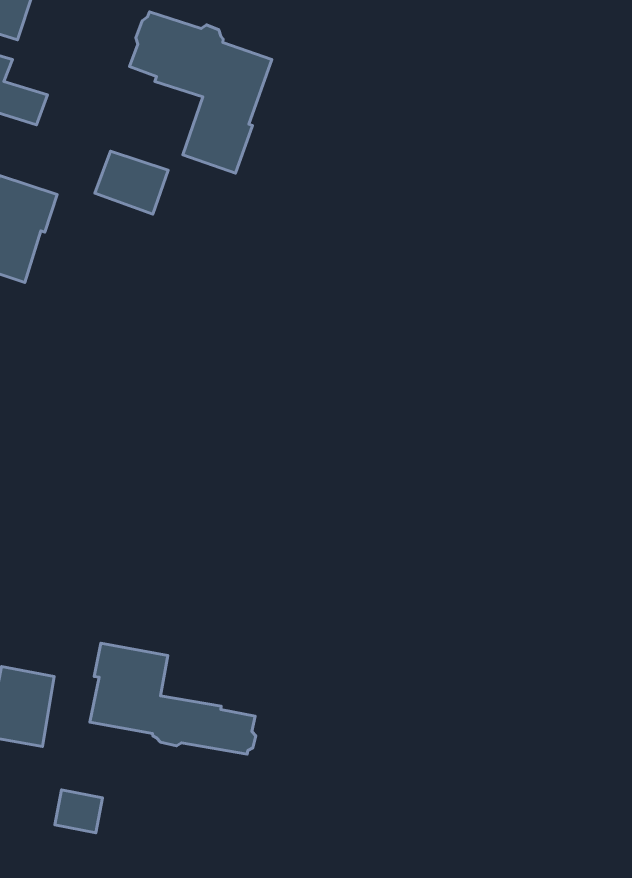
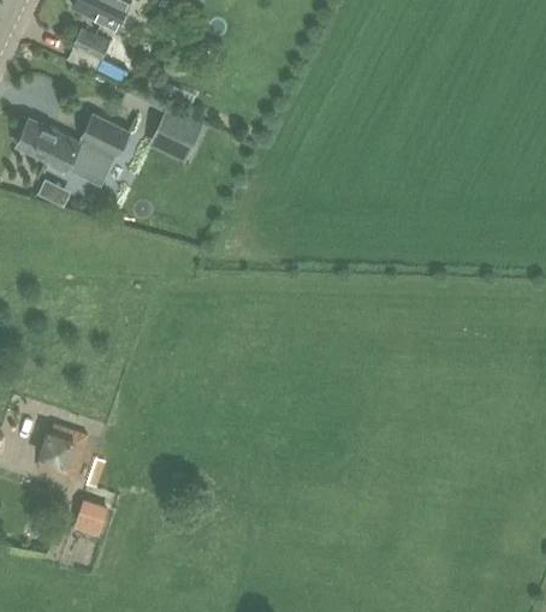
building: [129,12,272,173] -> none
building: [90,643,256,754] -> none

